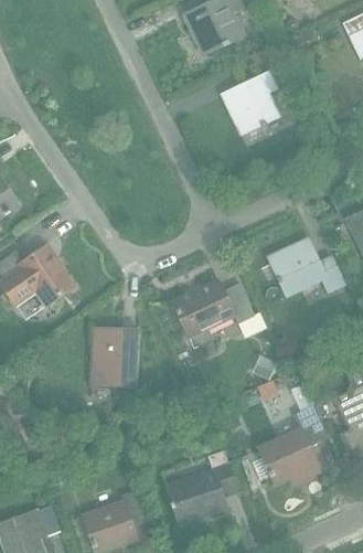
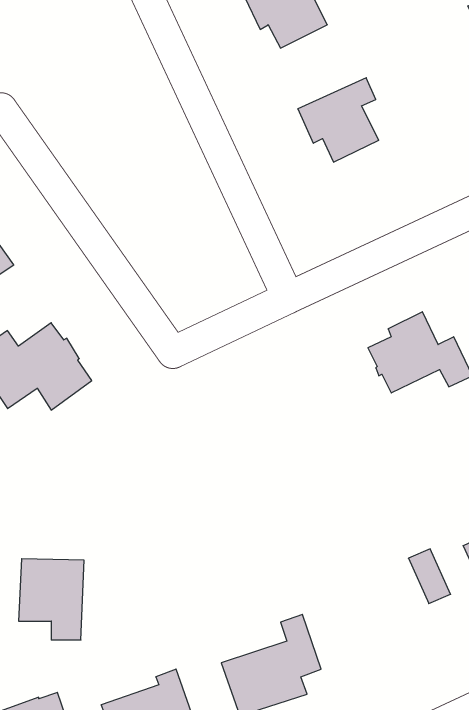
building: [173,279,257,336] -> none
building: [92,328,138,385] -> [19,559,84,640]
building: [259,429,320,482] -> none

